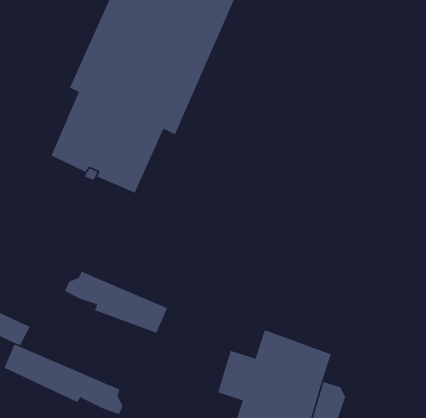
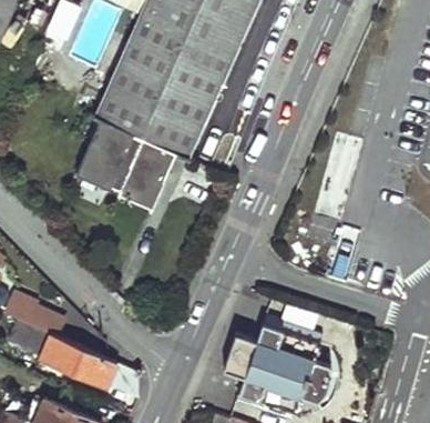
building: [64,270,168,334] -> none

